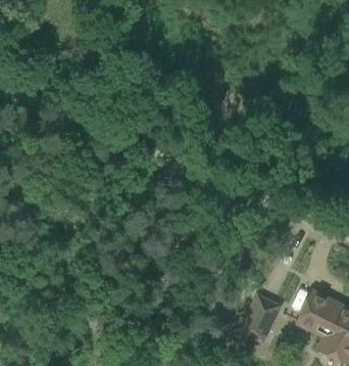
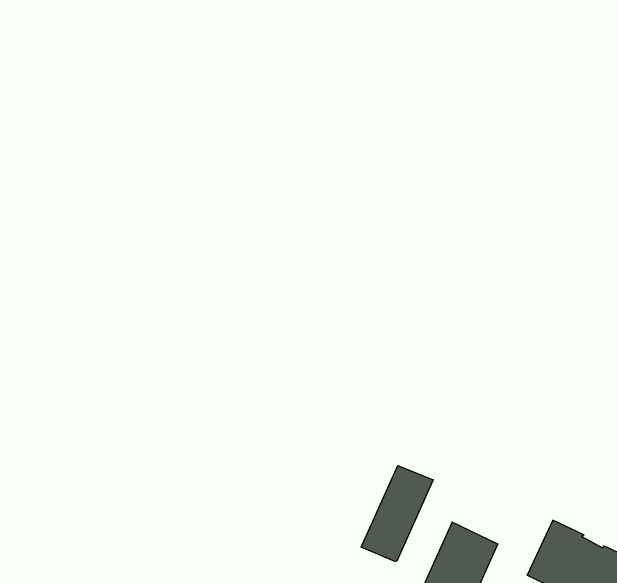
building: none -> [361,466,433,561]

